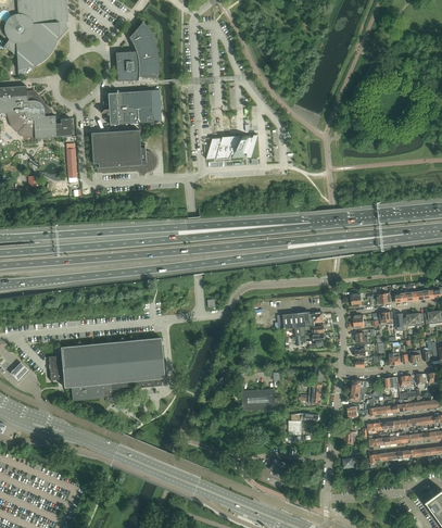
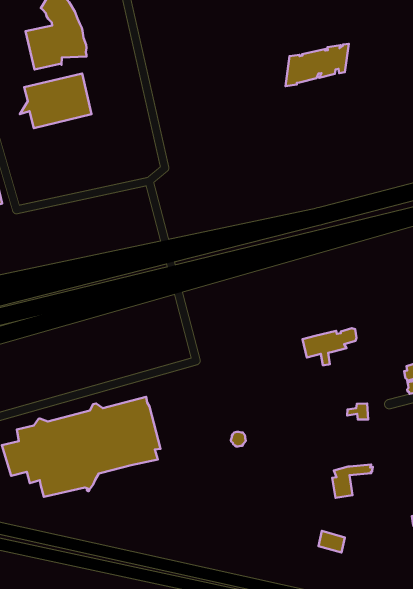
building: [91,129,156,175] -> none
building: [206,136,258,160] -> [286,44,349,86]
building: [242,390,276,411] -> none

